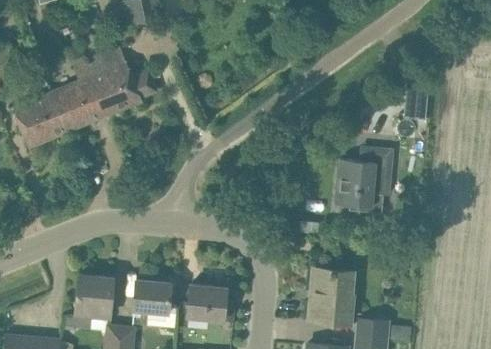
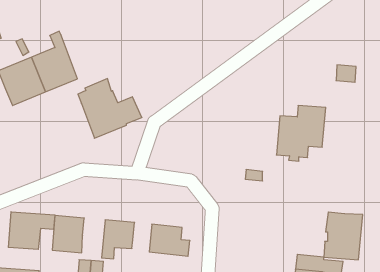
building: [85,48,159,117] -> [78,79,142,138]
building: [309,269,354,324] -> [324,212,363,260]
building: none -> [8,212,55,249]

